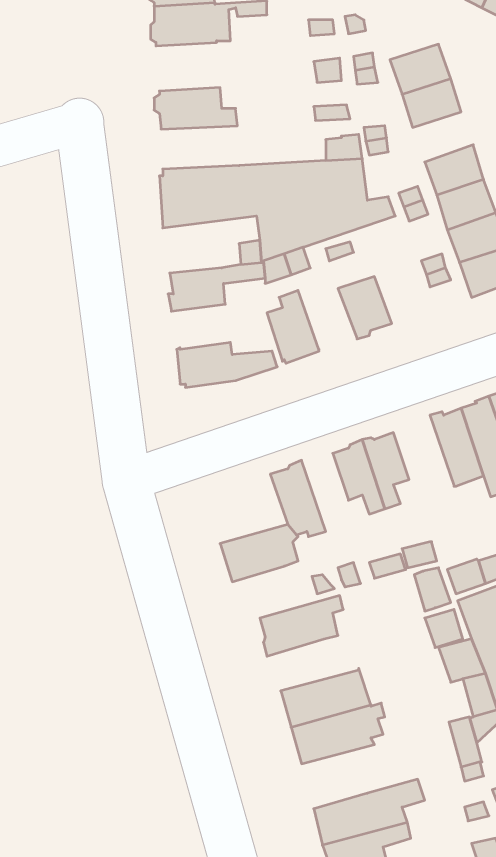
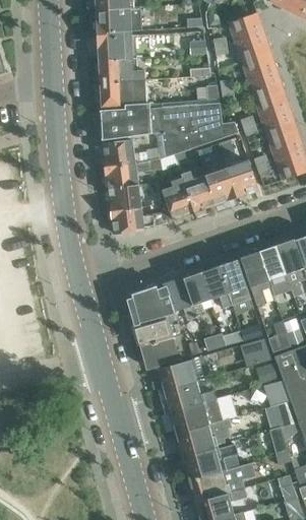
building: none -> [229,11,263,41]
building: none -> [95,30,135,59]
building: none -> [248,71,284,101]
building: none -> [98,79,146,105]
building: none -> [102,139,136,166]
building: none -> [226,160,256,195]
building: none -> [180,170,216,210]
building: none -> [107,184,141,210]
building: none -> [240,249,277,306]
building: none -> [183,271,210,317]
building: none -> [129,281,175,324]
building: none -> [142,337,182,367]
building: none -> [163,380,217,410]
building: none -> [184,443,239,479]

